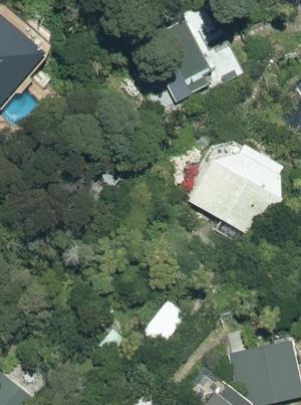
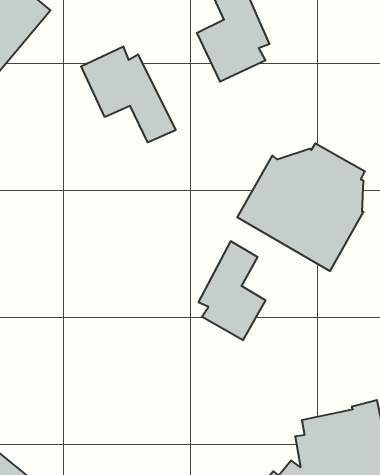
building: none -> [81,46,176,142]
building: none -> [199,241,266,340]

